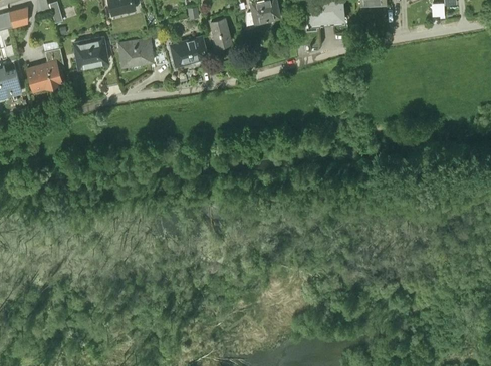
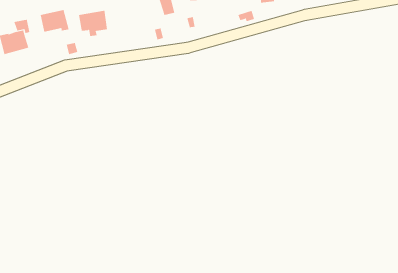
building: [171,35,207,60] -> none

